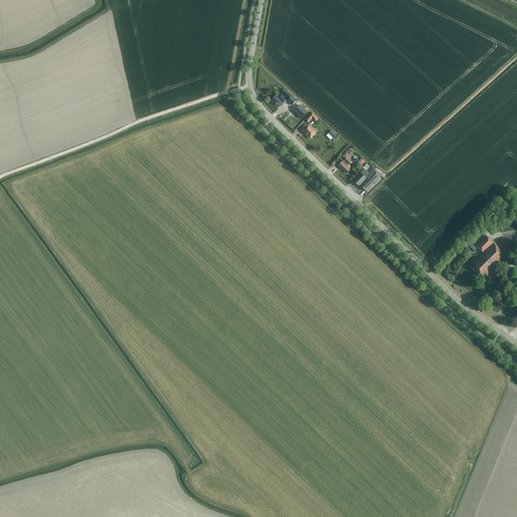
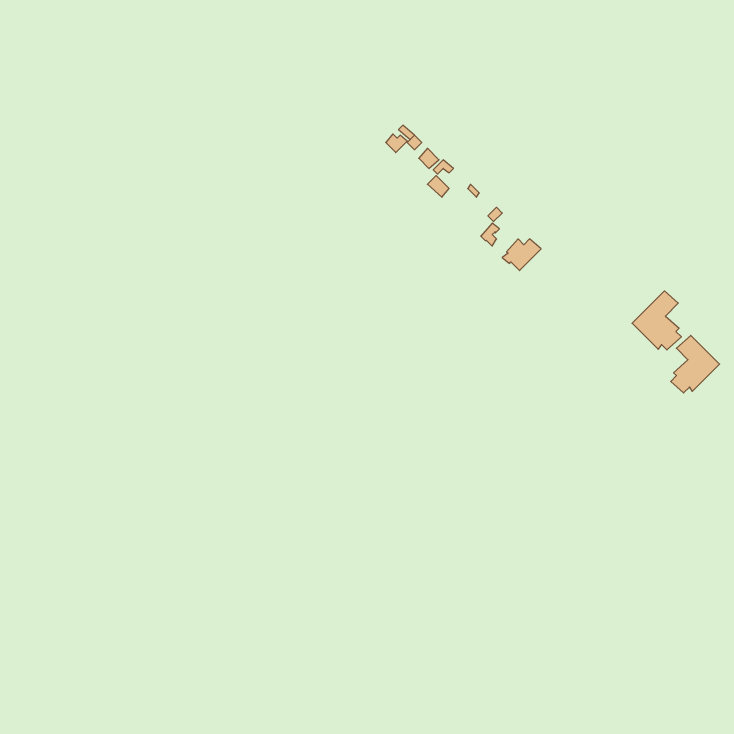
building: none -> [632,291,681,350]

